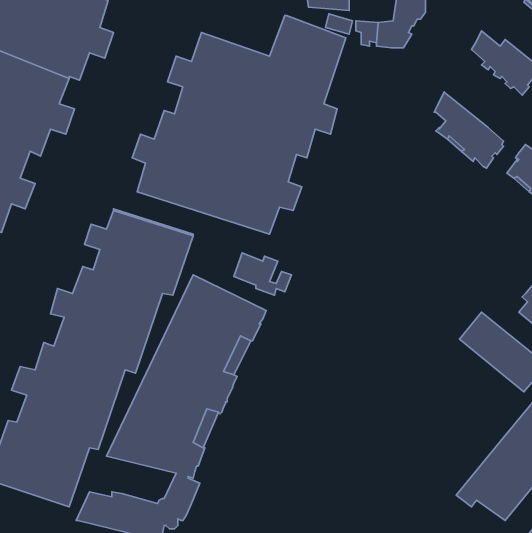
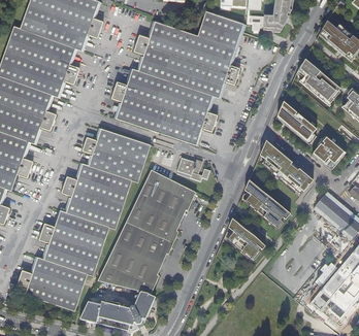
building: none -> [276,100,316,142]
building: none -> [313,135,344,168]
building: none -> [259,139,309,192]
building: none -> [243,178,288,227]
building: none -> [227,217,263,259]

